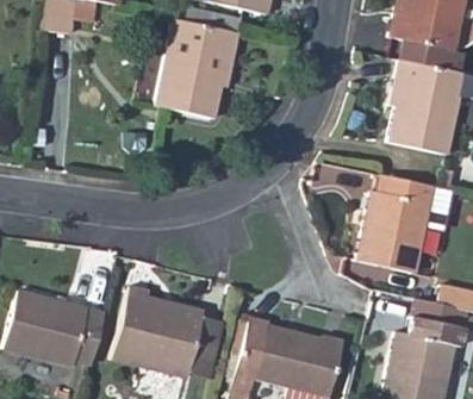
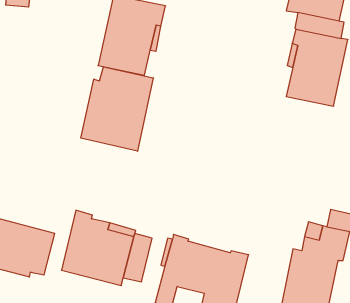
building: none -> [81,67,153,151]
building: [355,175,452,273] -> none

